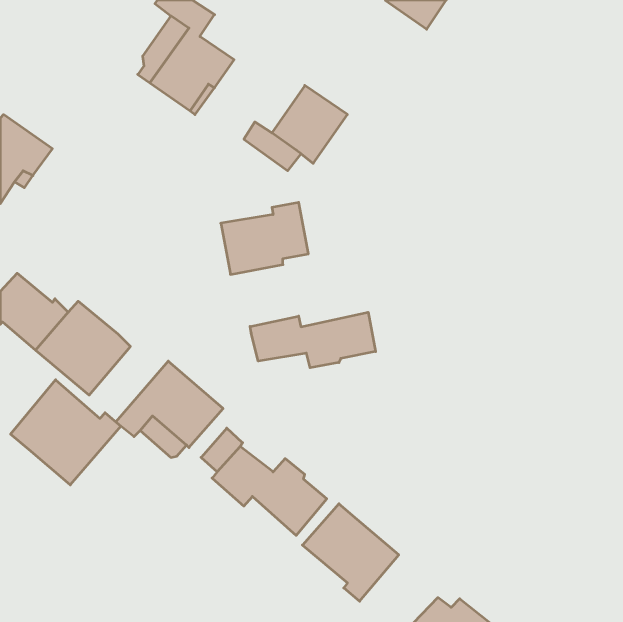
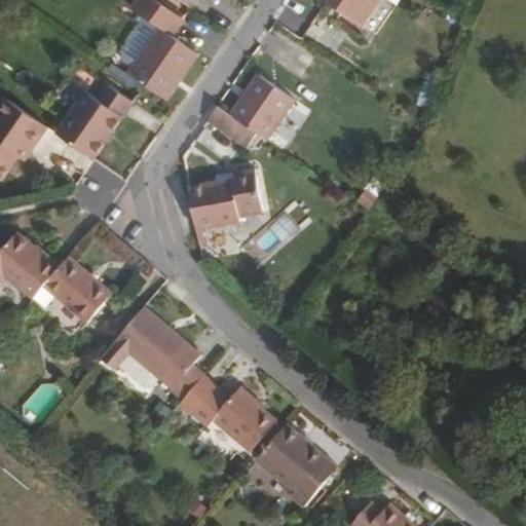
building: none -> [52,74,129,159]
building: [250,312,376,368] -> none
building: [11,380,121,485] -> none

